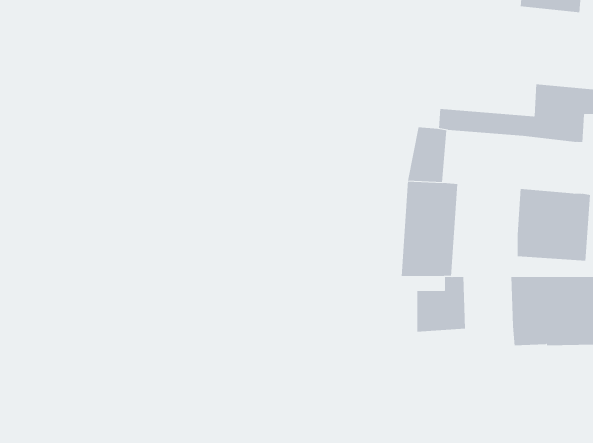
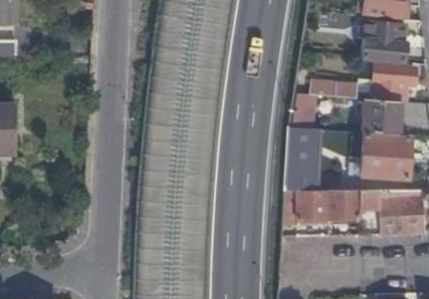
building: none -> [362,19,407,62]
building: none -> [364,97,401,134]
building: none -> [328,189,359,223]

